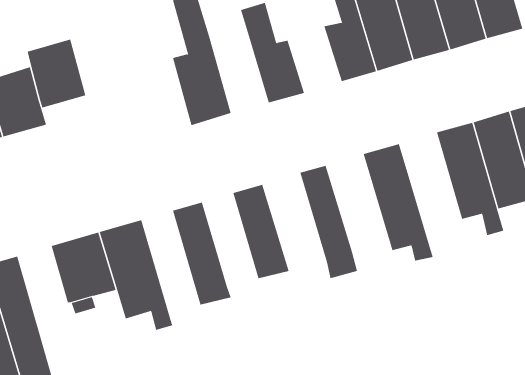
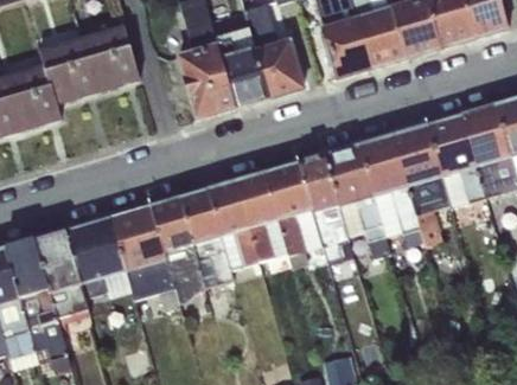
building: none -> [84,25,140,90]
building: none -> [215,25,269,107]
building: none -> [392,124,451,245]
building: none -> [324,145,390,254]
building: none -> [264,162,324,268]
building: none -> [208,181,260,269]
building: none -> [151,198,206,303]
building: none -> [34,231,90,323]

